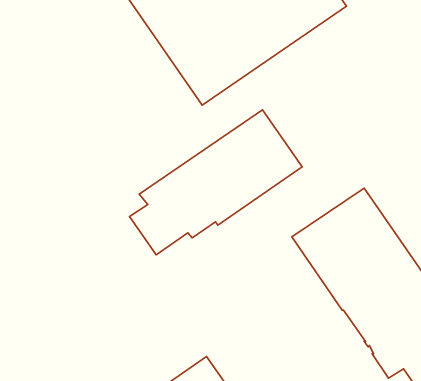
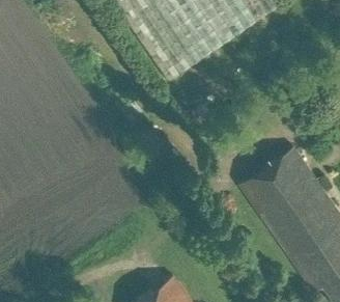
building: [129,110,302,255] -> none

